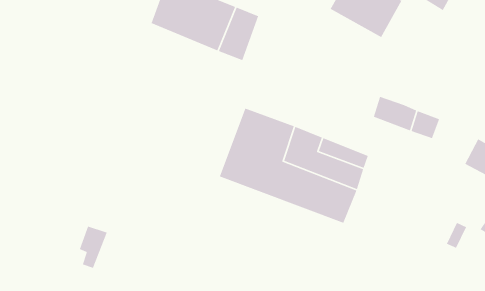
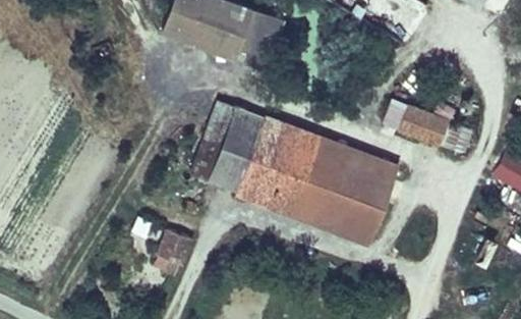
building: none -> [191,98,266,189]
building: [79,225,108,269] -> [161,228,191,274]

